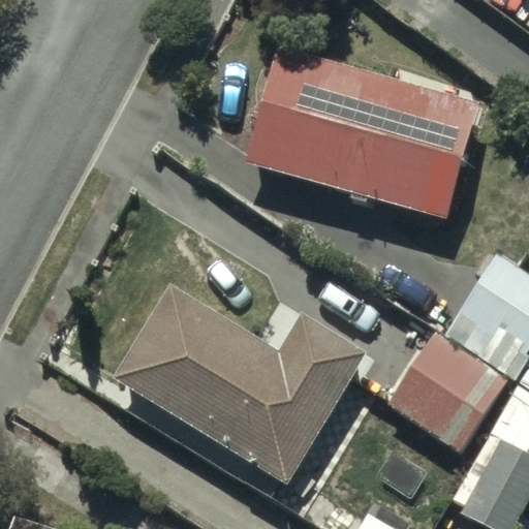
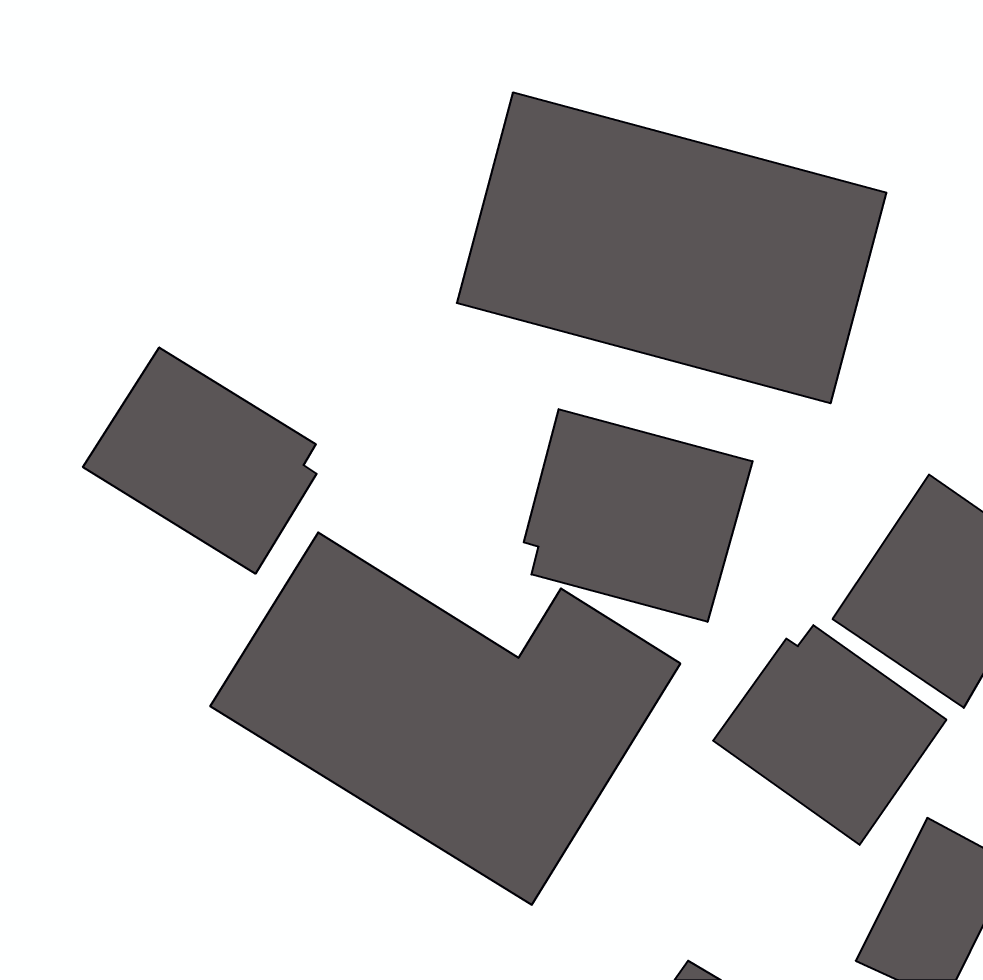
building: none -> [83,347,317,574]
building: none -> [524,409,753,622]

